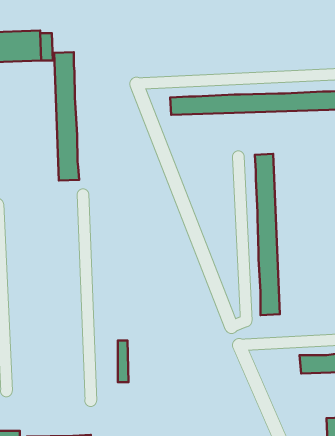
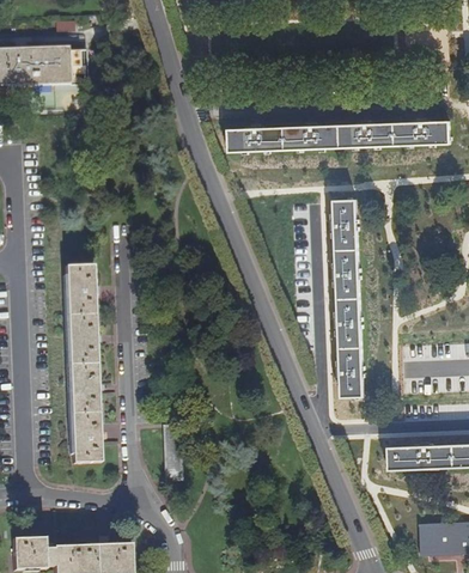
building: [54,52,79,181] -> none
building: none -> [61,263,99,463]

